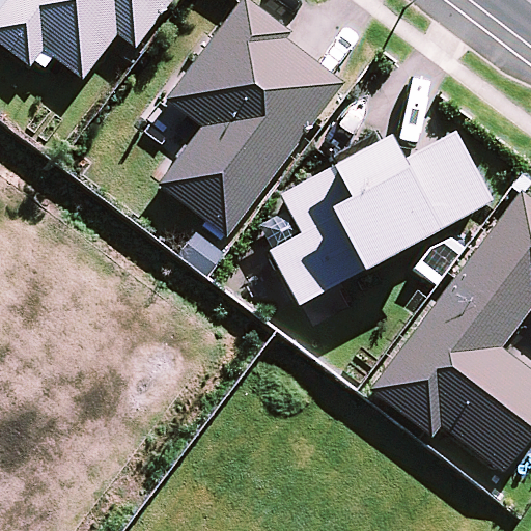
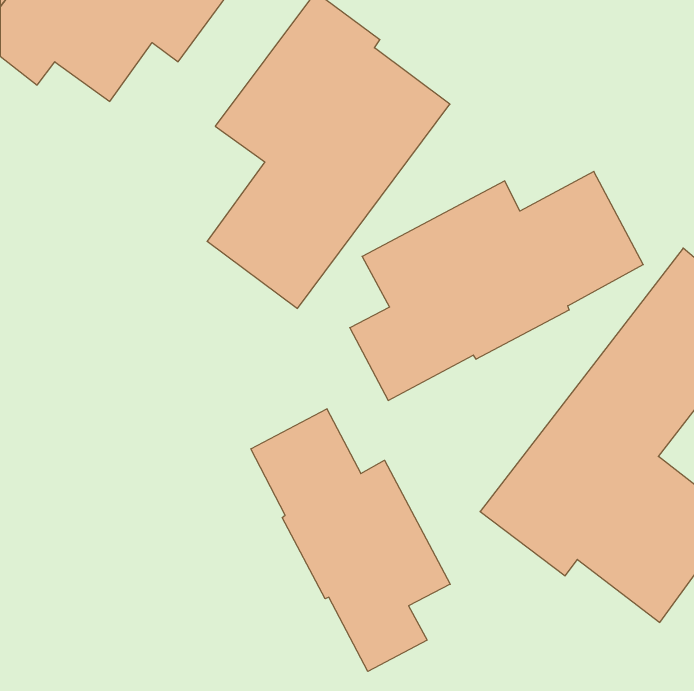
building: none -> [251,409,450,671]

